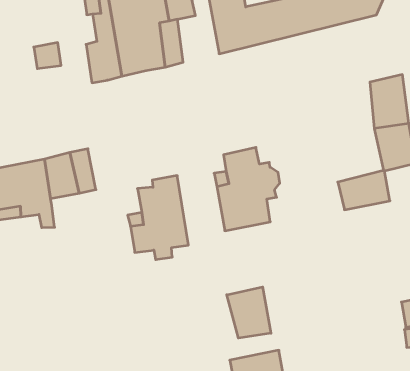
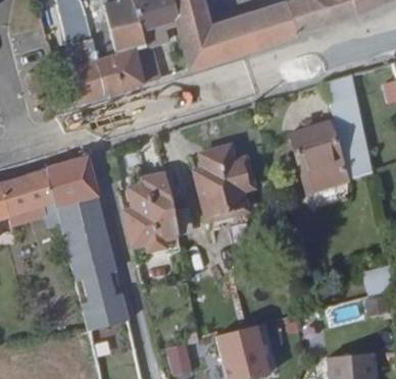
building: none -> [290,125,341,173]
building: none -> [56,198,128,330]
building: [227,287,271,338] -> none

